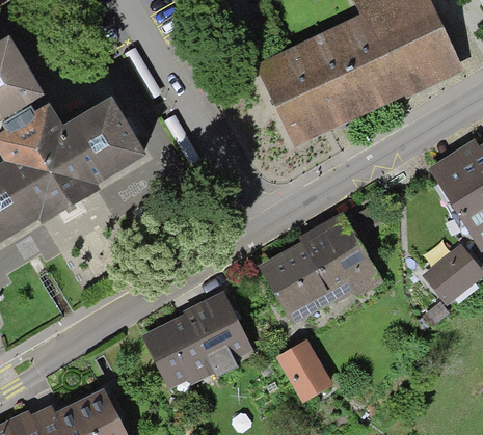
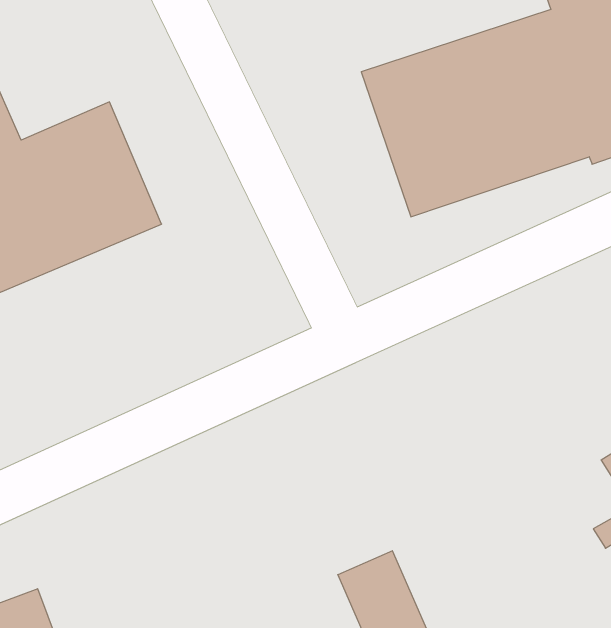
building: [259,210,383,324] -> none
building: [141,294,253,389] -> none

